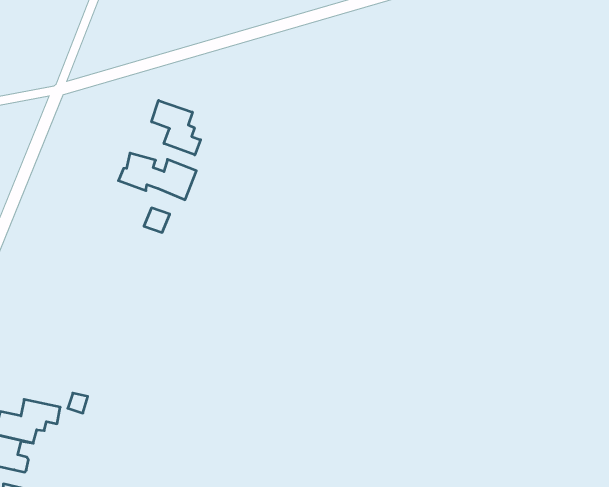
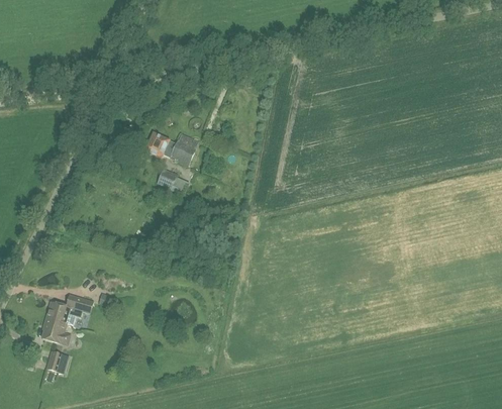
building: [152,100,201,155] -> none

